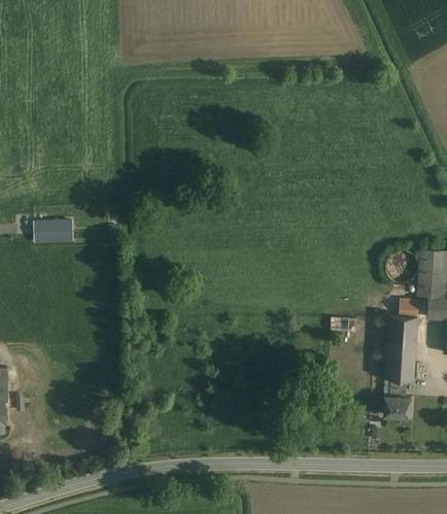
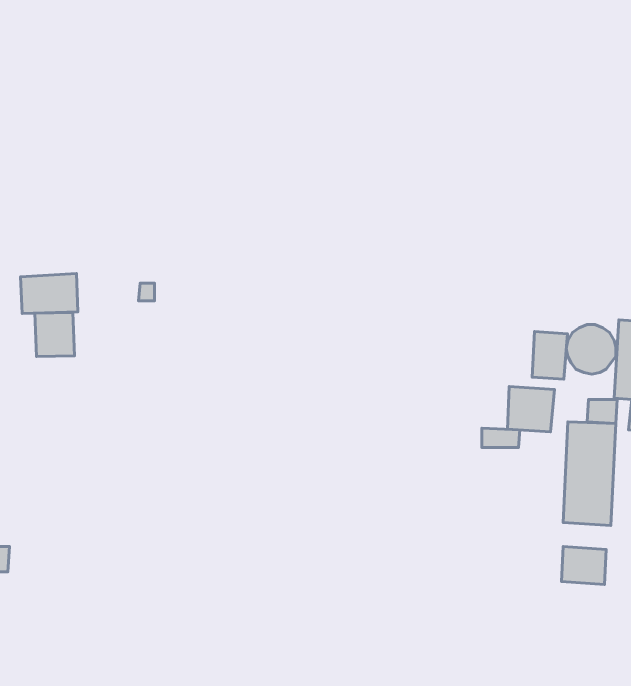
building: none -> [35,313,74,356]
building: none -> [532,332,567,379]
building: none -> [507,387,554,432]

